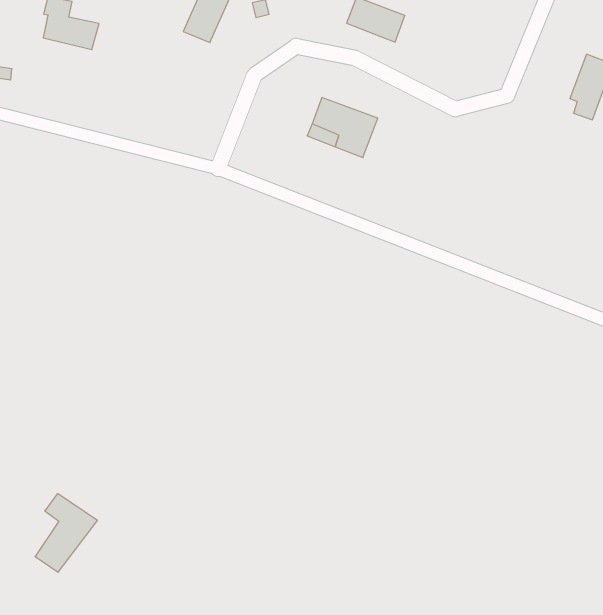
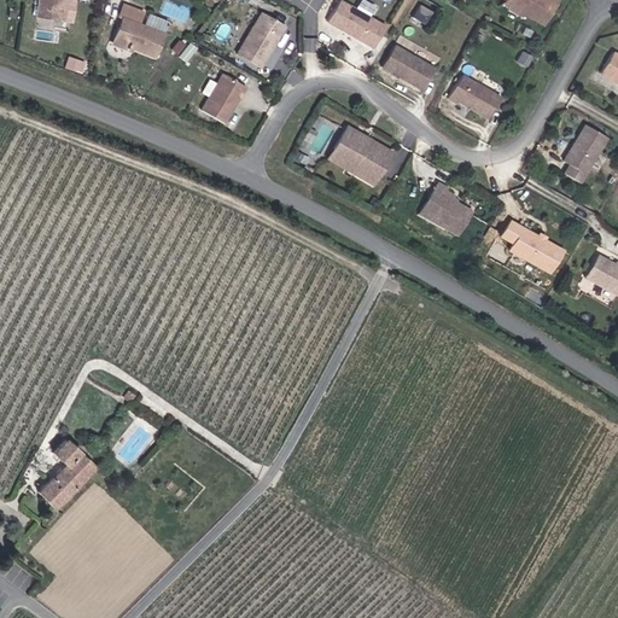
building: none -> [450,75,503,118]
building: none -> [203,74,246,123]
building: none -> [422,181,473,232]
building: none -> [503,220,565,270]

